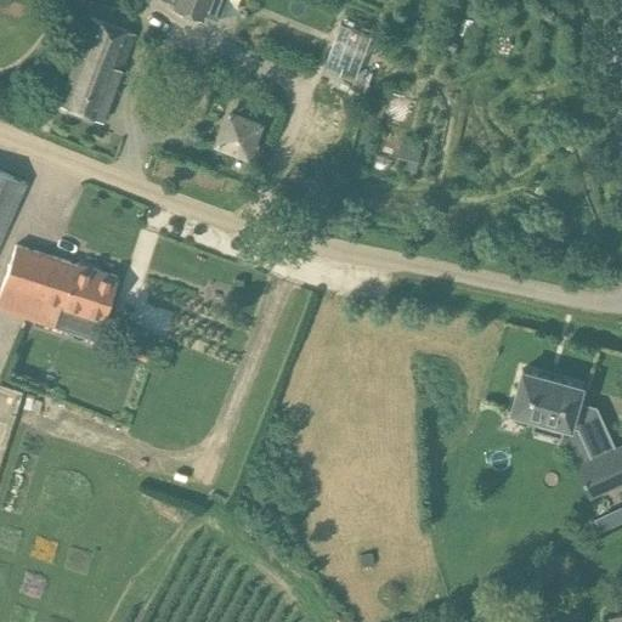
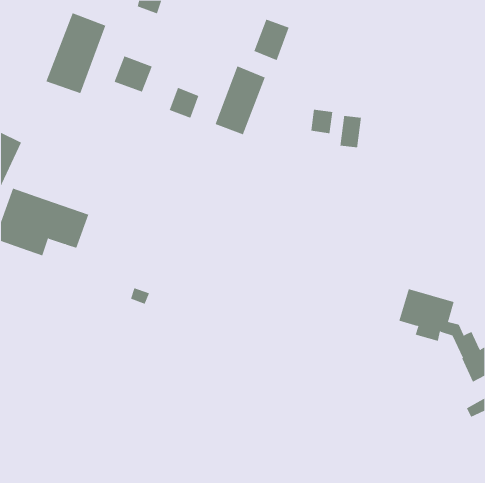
building: none -> [114,56,152,93]
building: none -> [215,66,265,135]
building: none -> [340,115,361,148]

